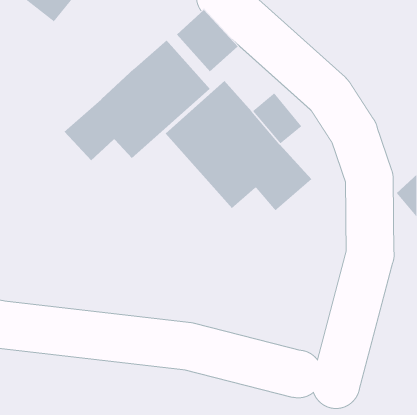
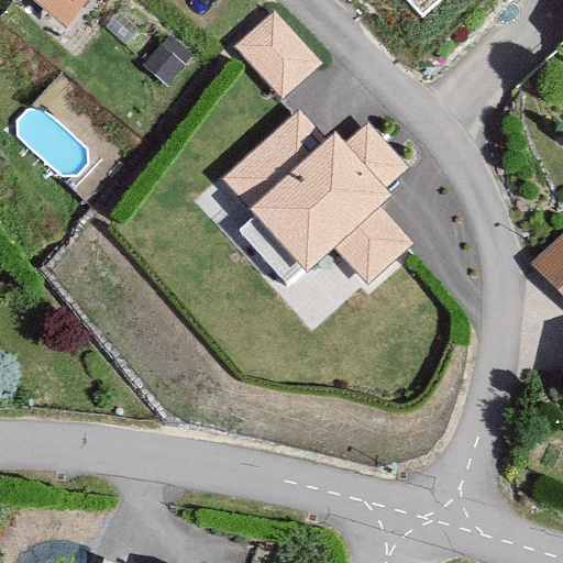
building: [64,39,211,161] -> none

